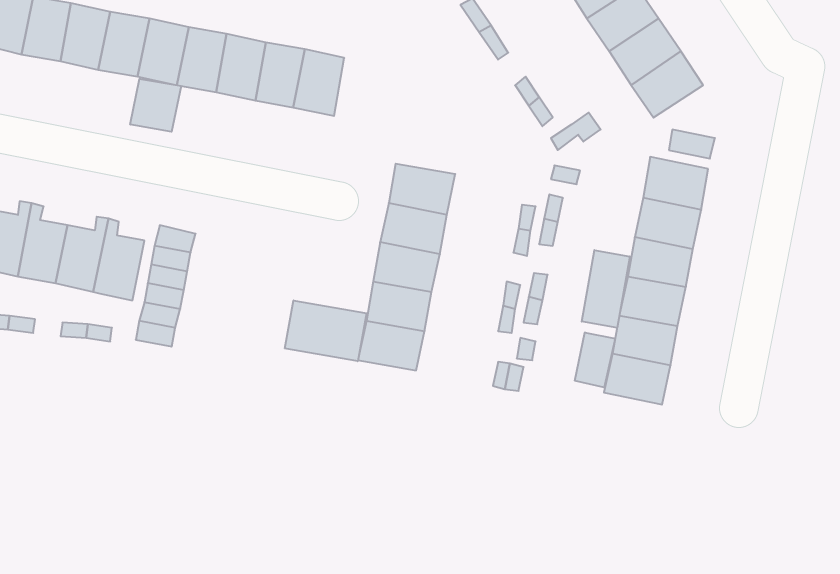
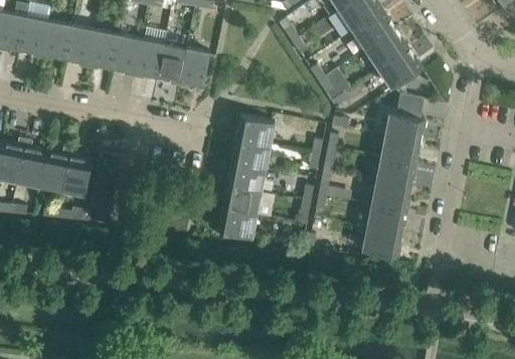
building: [130,79,181,132] -> none
building: [582,250,630,328] -> none
building: [285,300,366,361] -> none
building: [575,332,615,387] -> none

